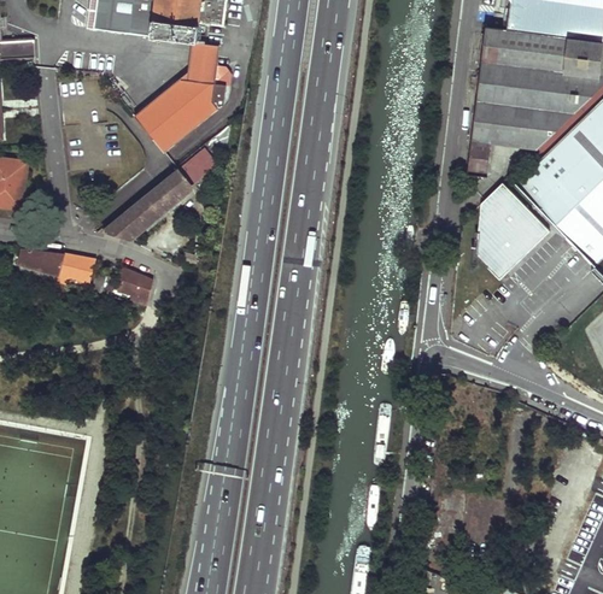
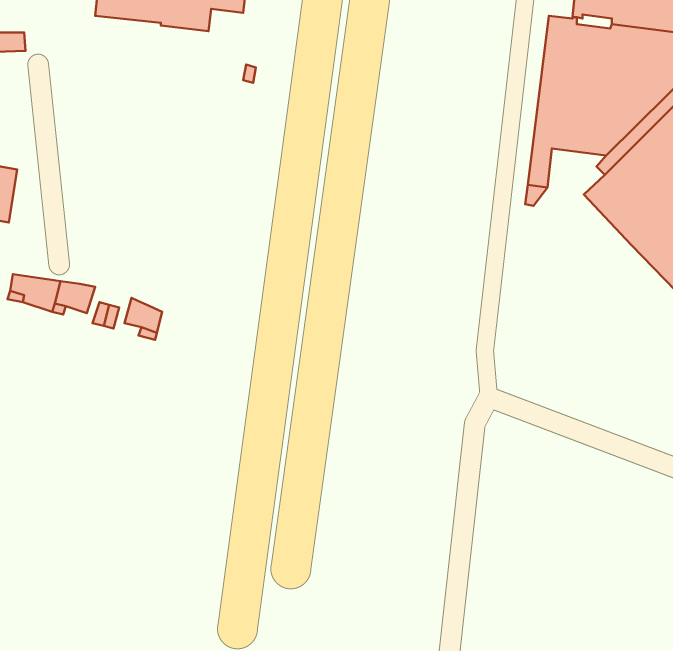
building: [135,42,227,152] -> none
building: [103,146,217,239] -> none
building: [476,175,558,280] -> none

